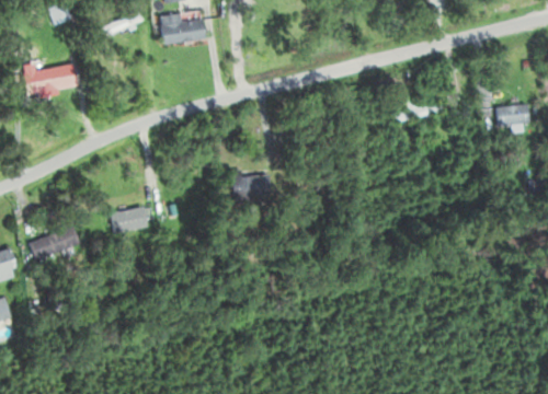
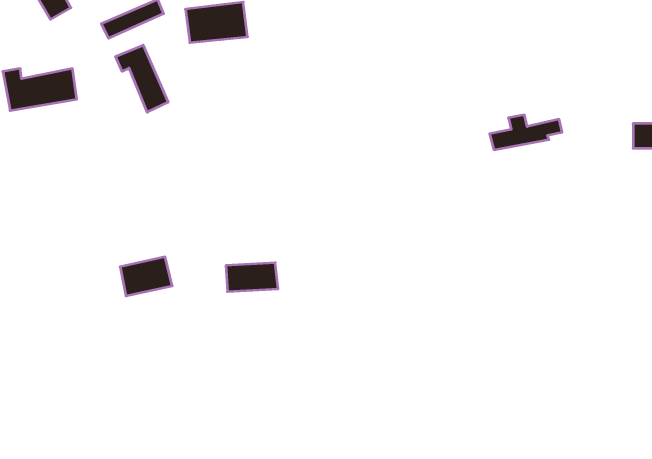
building: none -> [116,45,168,112]
building: [232,175,272,197] -> [226,263,278,292]
building: [27,227,80,262] -> none

